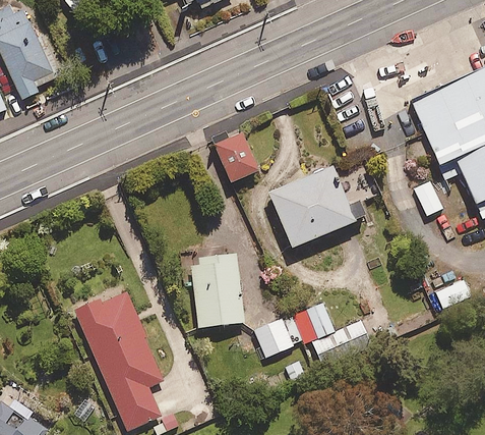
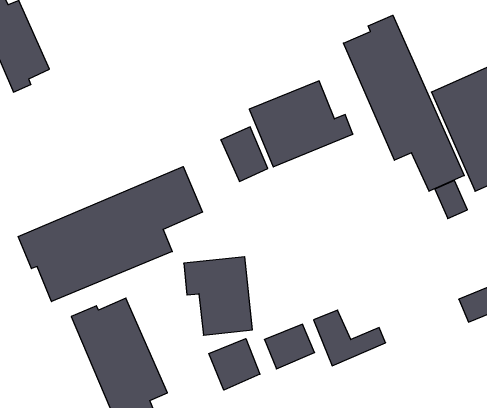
building: none -> [343,15,464,191]
building: none -> [18,167,203,302]
building: [268,171,365,252] -> [249,81,353,167]
building: none -> [209,339,260,390]

